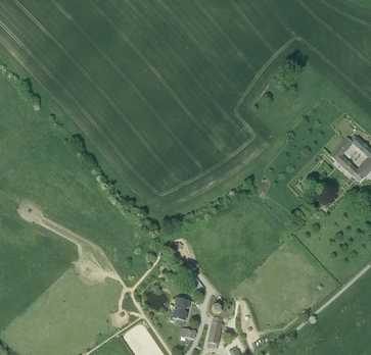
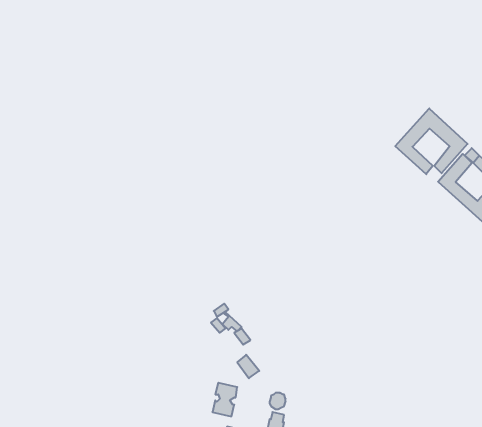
building: none -> [395,108,468,174]

